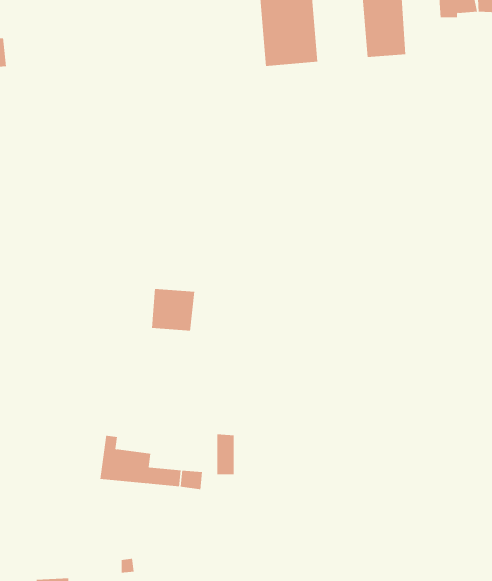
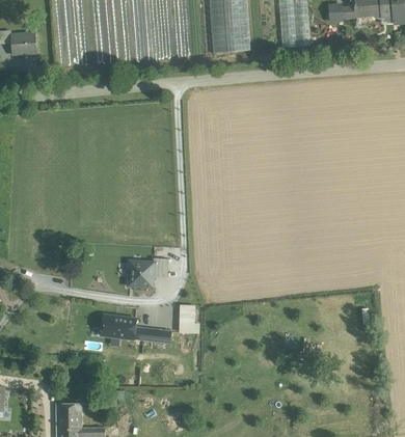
building: [151,289,195,331] -> [125,261,155,290]

